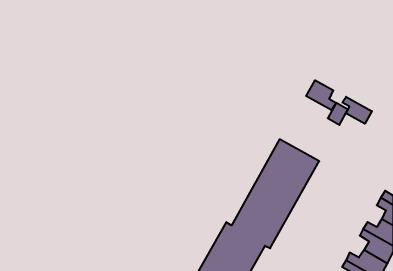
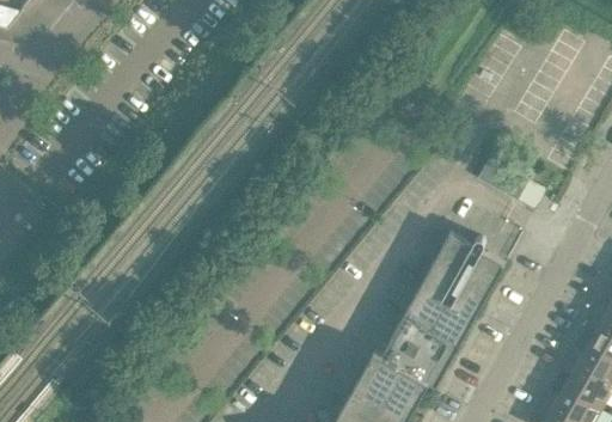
building: [306,80,336,110] -> none
building: [342,97,372,124] -> none

